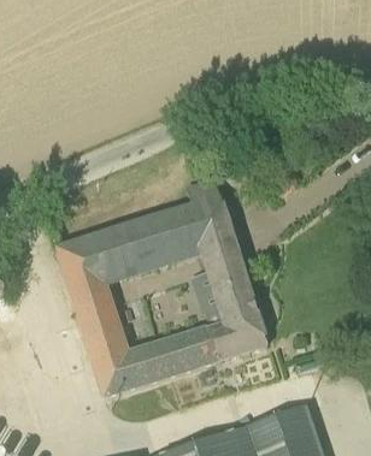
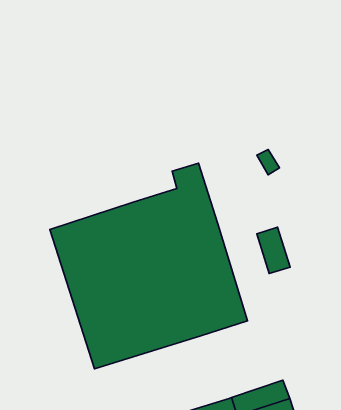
building: none -> [257,227,290,273]

